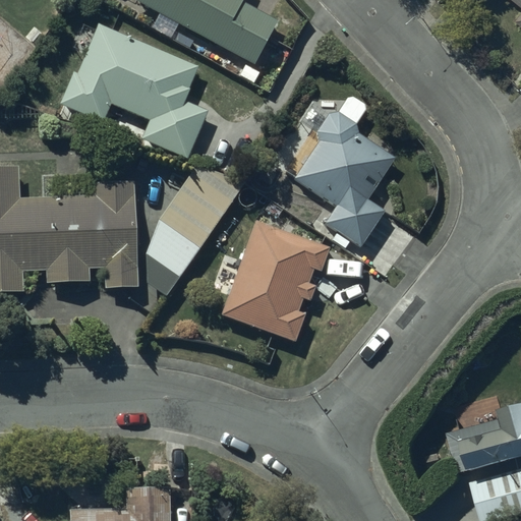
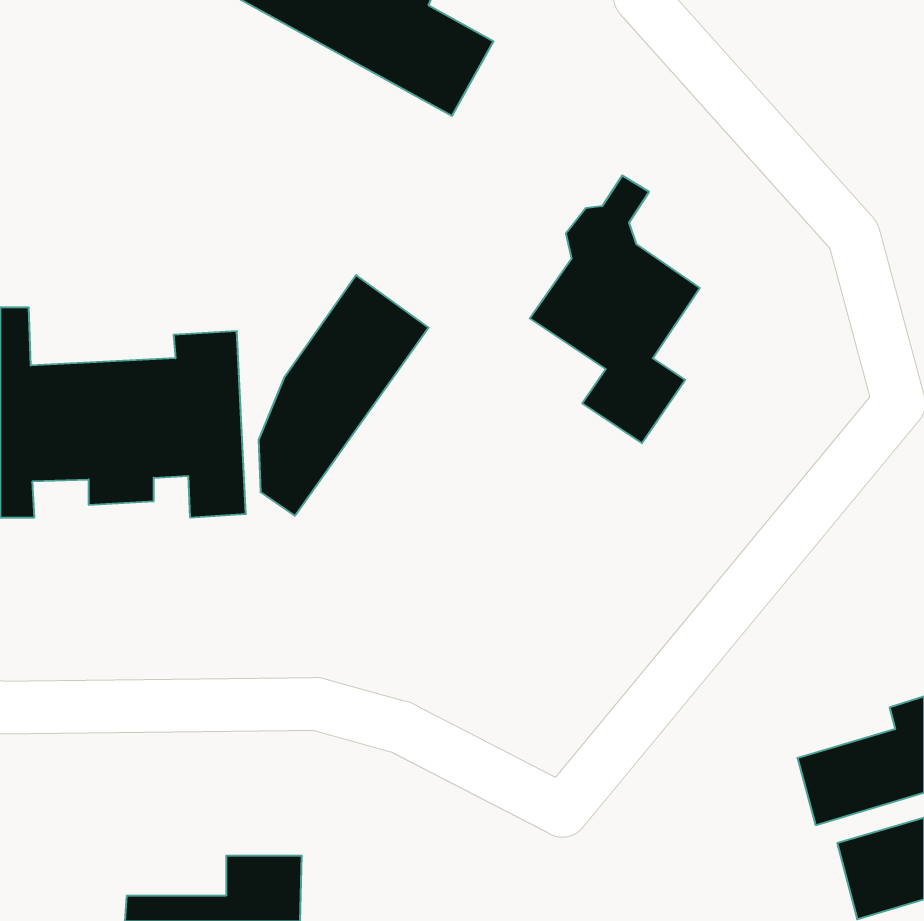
building: [63,32,202,156] -> none
building: [221,223,329,345] -> none

